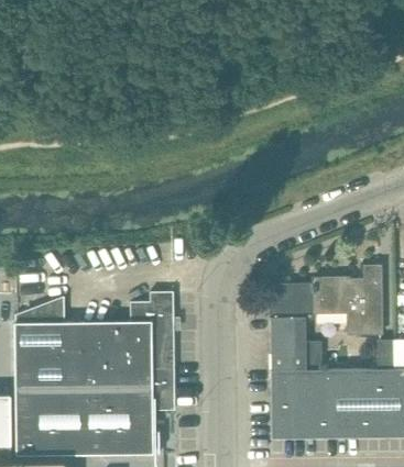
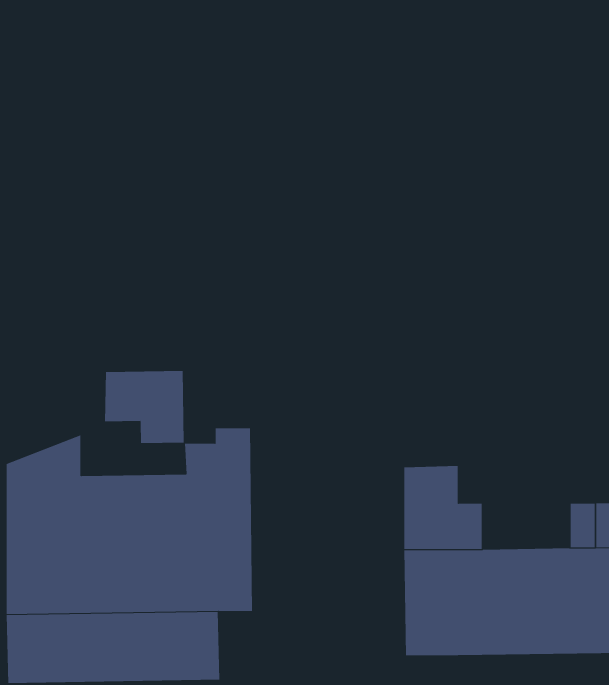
building: none -> [105,370,184,444]
building: [270,266,382,334] -> none

